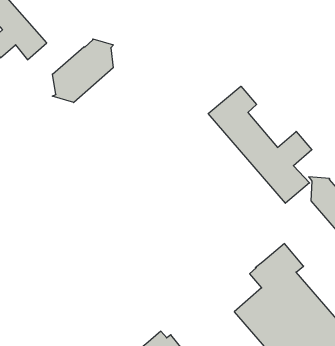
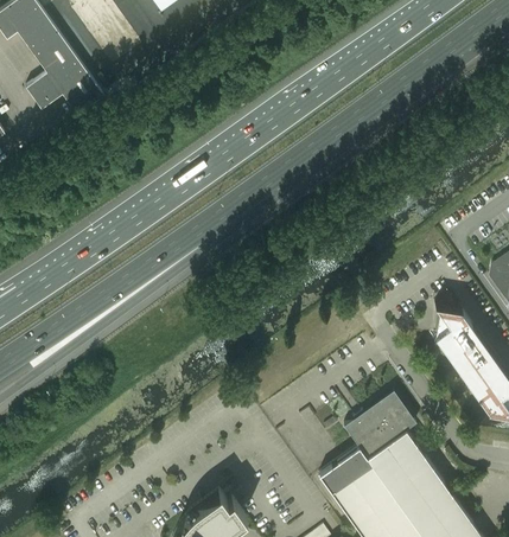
building: [52,39,113,103] -> none
building: [208,86,312,203] -> none

